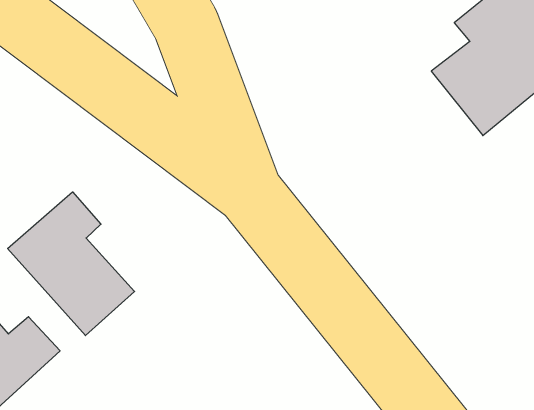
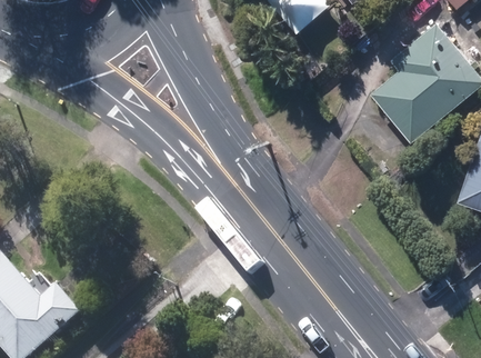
building: [8,192,135,336] -> none

